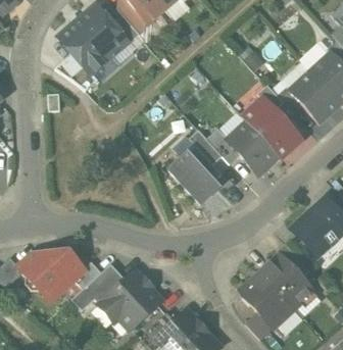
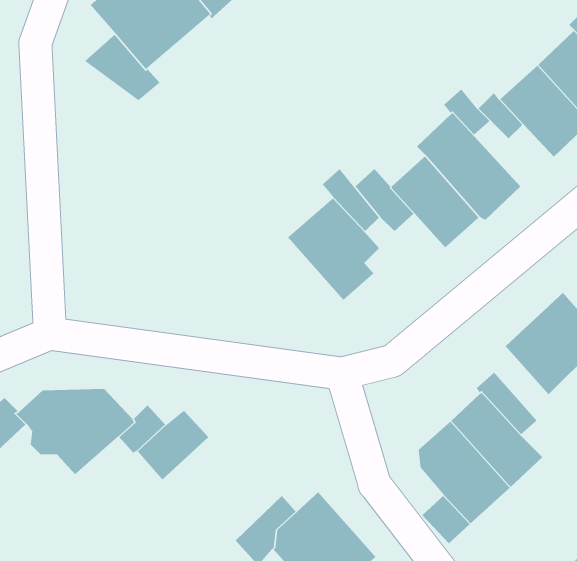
building: [98,271,161,329] -> none

